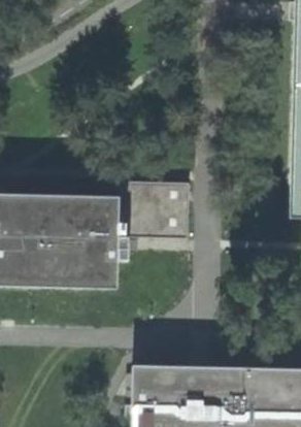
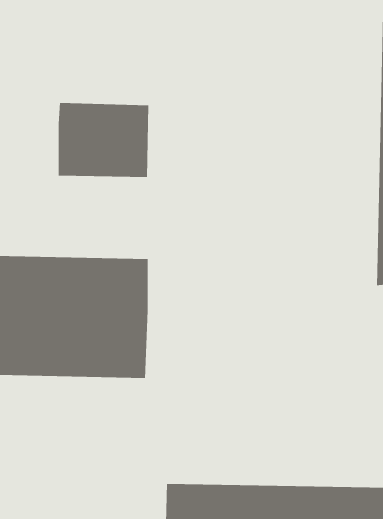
building: [122,180,191,237] -> [58,102,149,177]

